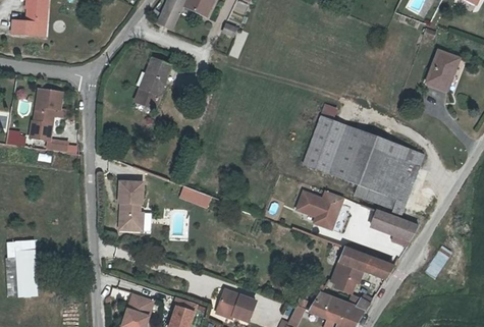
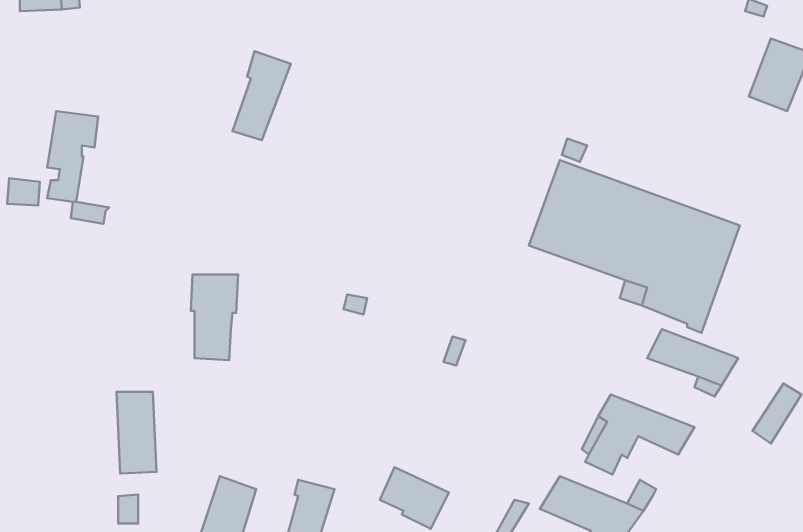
building: [297,192,344,230] -> none
building: [14,251,37,296] -> [116,392,156,474]

